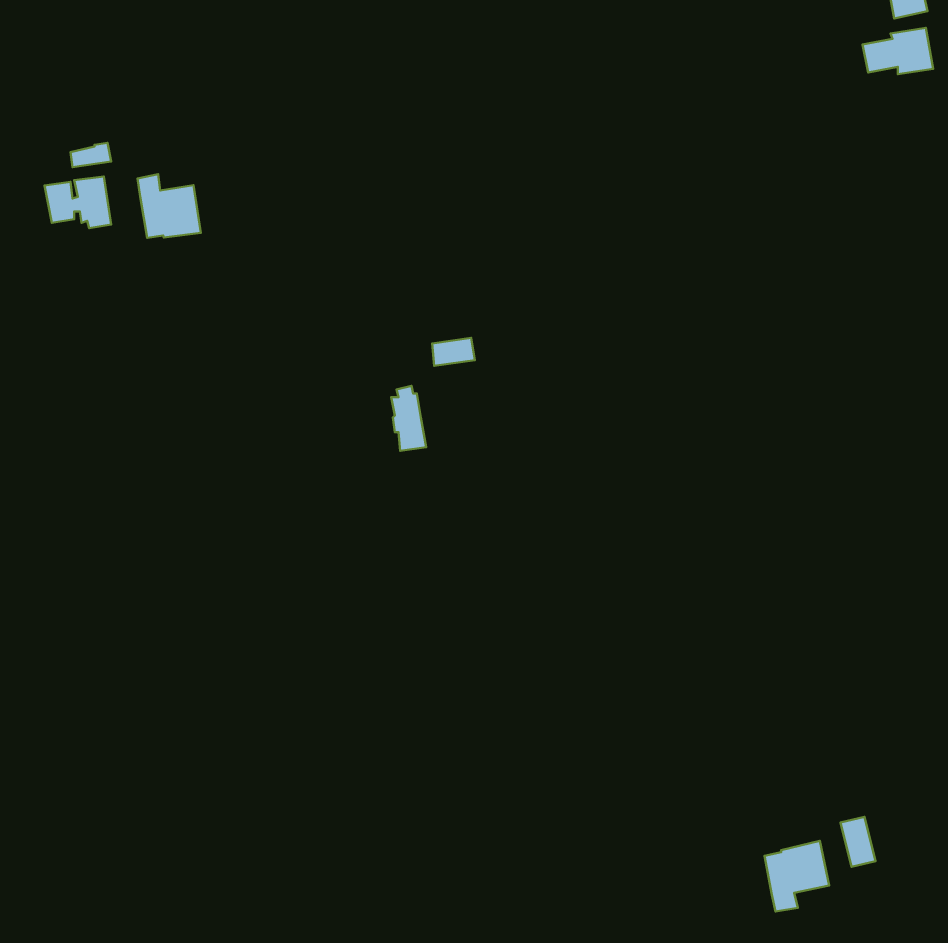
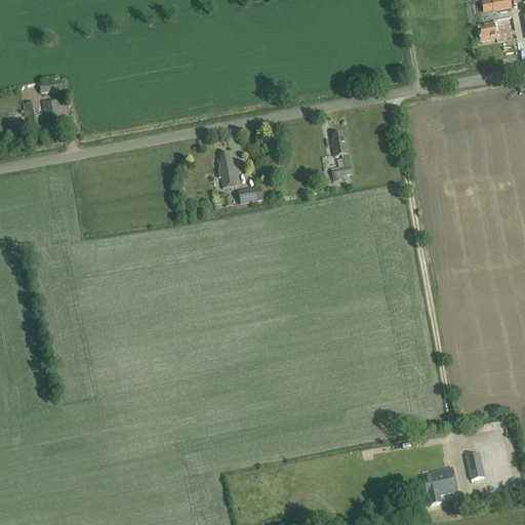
building: [138,174,201,238] -> none
building: none -> [331,131,351,179]
building: [391,386,426,451] -> [216,152,236,188]

